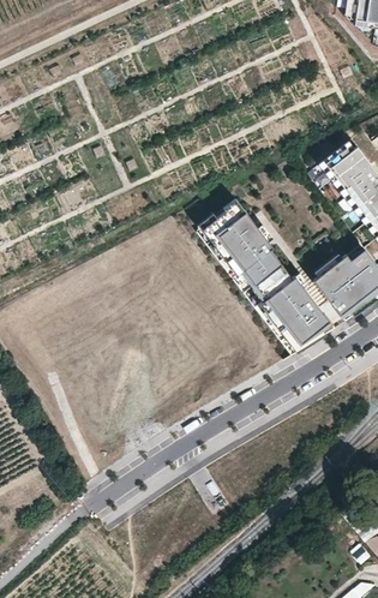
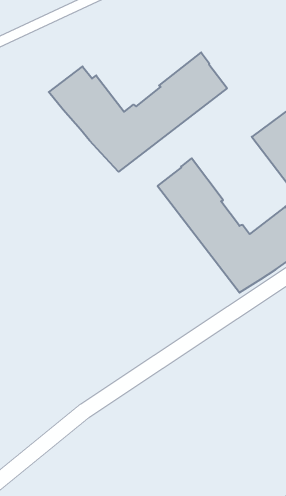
building: none -> [49,52,227,172]

